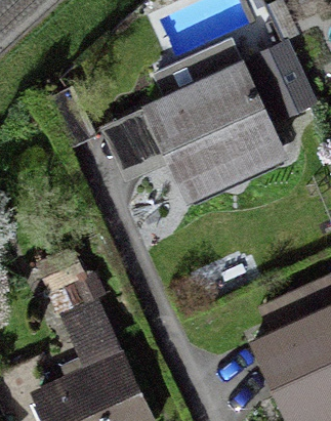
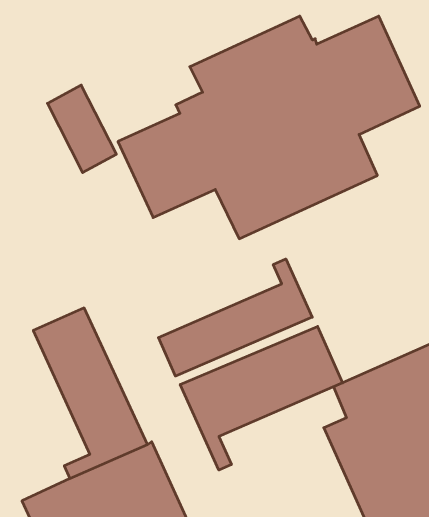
building: none -> [158,259,312,376]
building: none -> [180,326,343,470]

